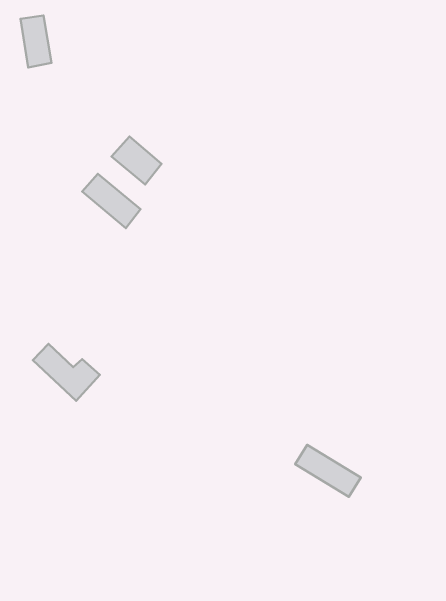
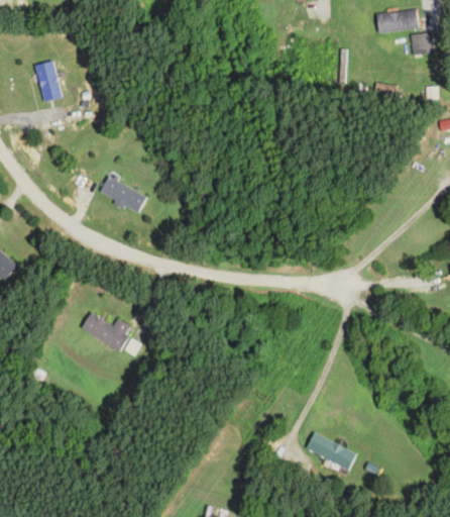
building: [112,136,162,184] -> none
building: [295,445,361,497] -> [306,433,357,469]

